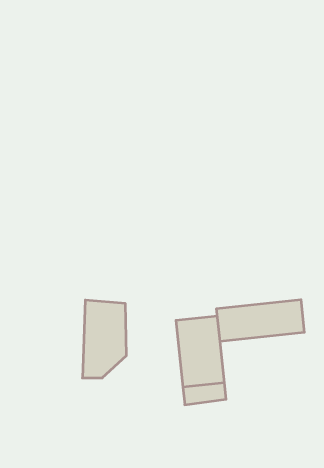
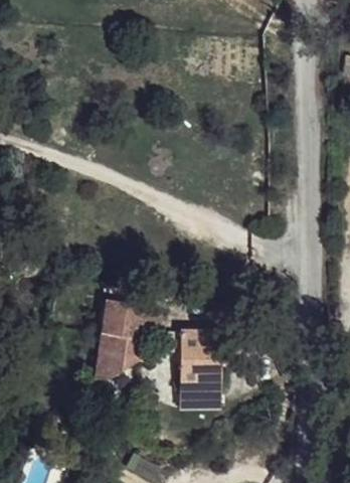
building: [217,300,304,341] -> none

